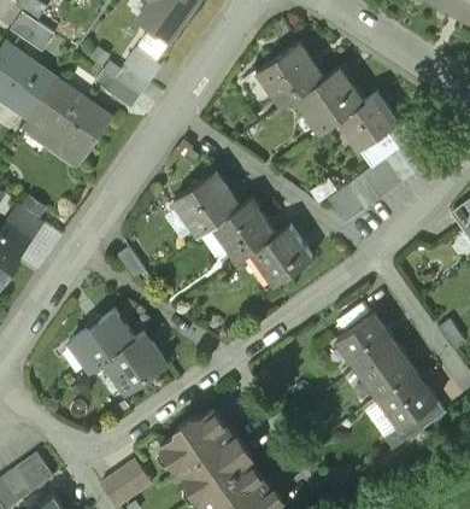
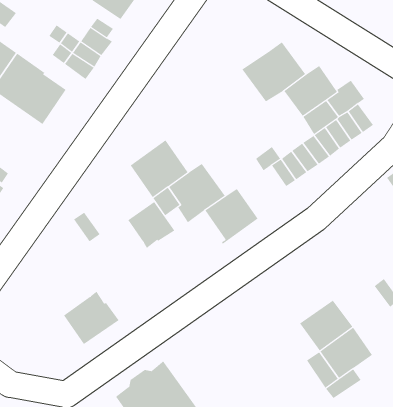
building: [255,40,325,107] -> none
building: none -> [128,201,175,249]
building: [74,312,134,368] -> none
building: [336,314,393,368] -> none

